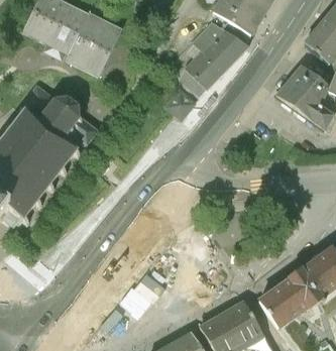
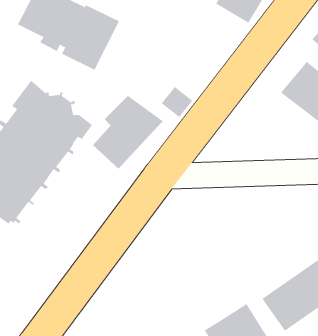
building: [178,24,246,96] -> [92,95,163,169]

